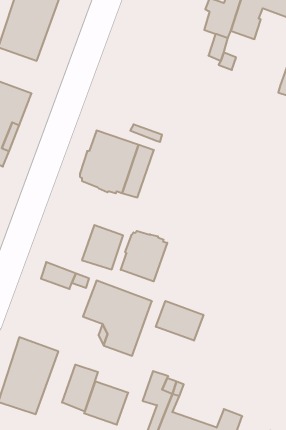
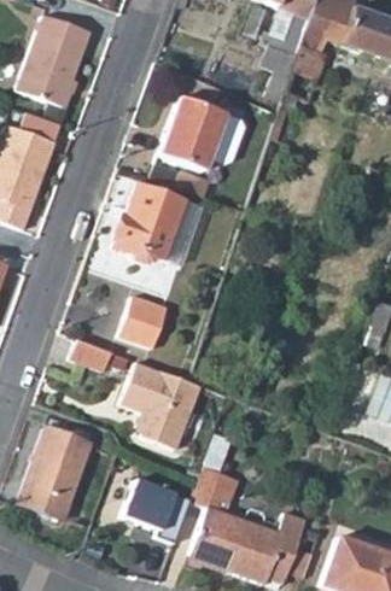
building: none -> [159,96,245,169]
building: [121,231,167,281] -> none
building: [156,301,203,341] -> none
building: [62,365,98,412] -> none

